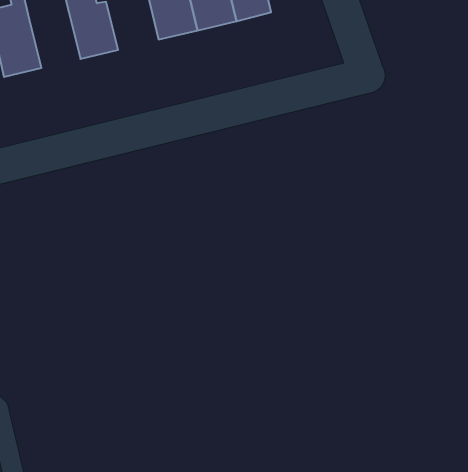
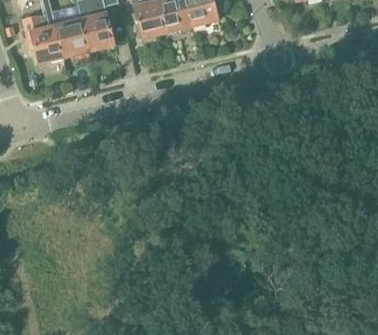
building: none -> [55,20,89,58]

